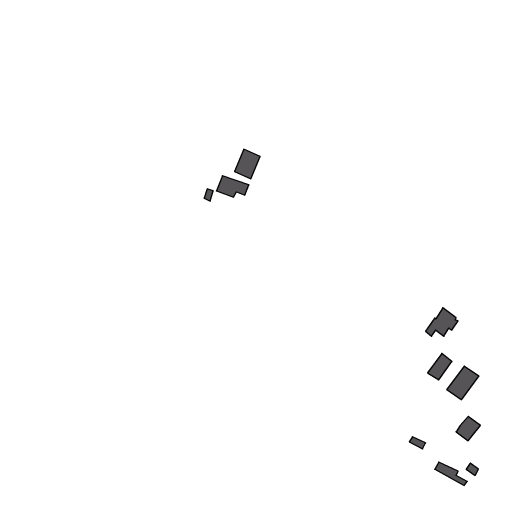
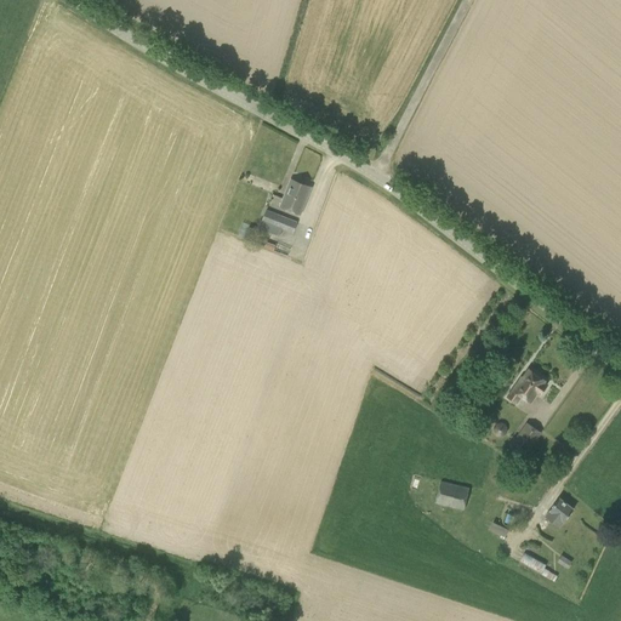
building: [447,366,479,400] -> none
building: none -> [435,480,469,508]

